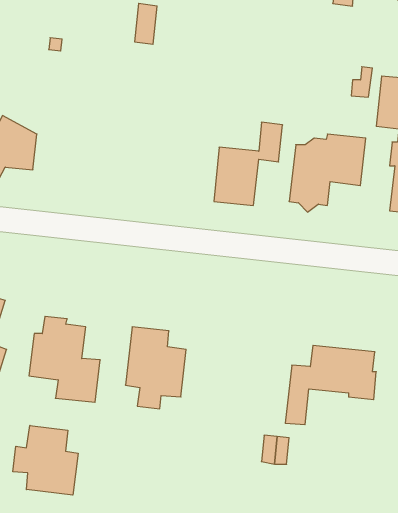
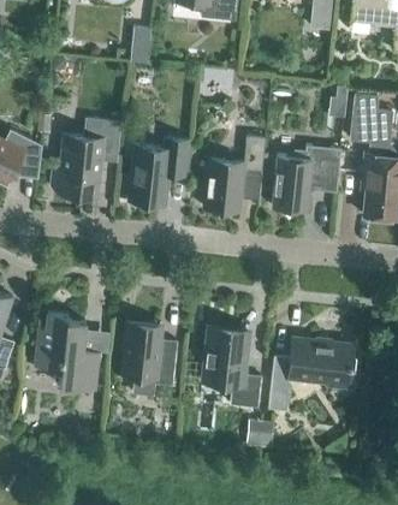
building: none -> [52,118,120,196]
building: none -> [127,137,191,203]
building: none -> [203,329,261,408]
building: [13,425,78,495] -> none

